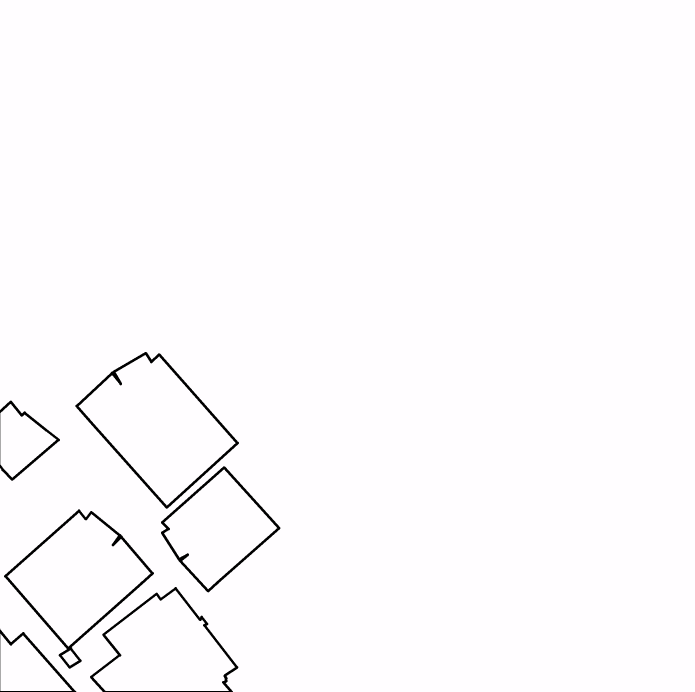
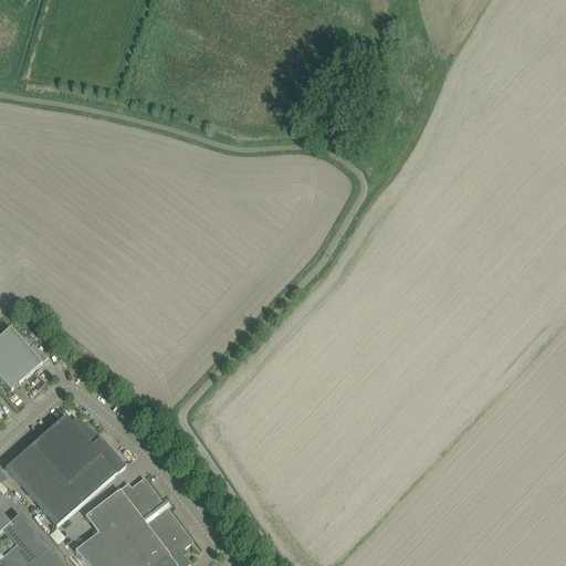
building: [77,353,238,507] -> none
building: [162,468,279,591] -> none

